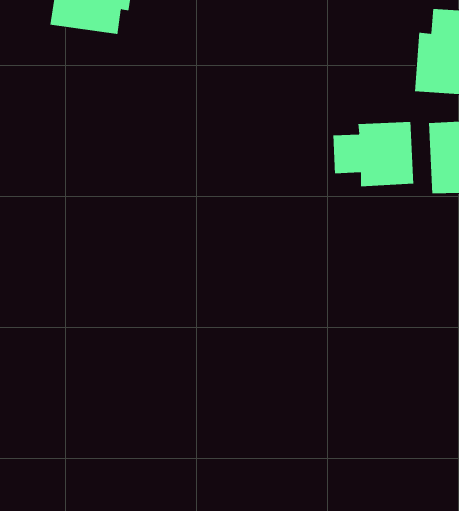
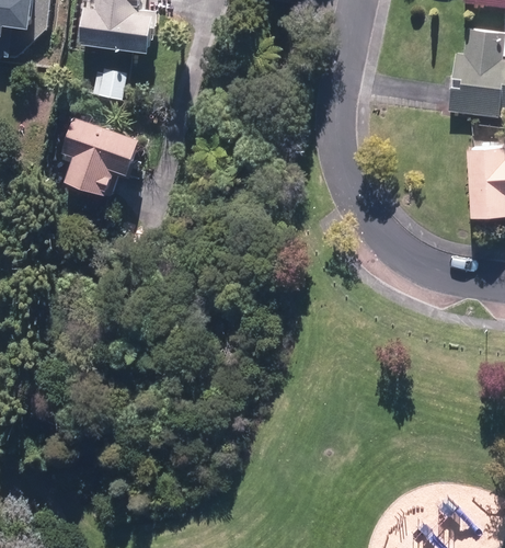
building: none -> [62,117,141,198]
building: [333,121,414,187] -> none

